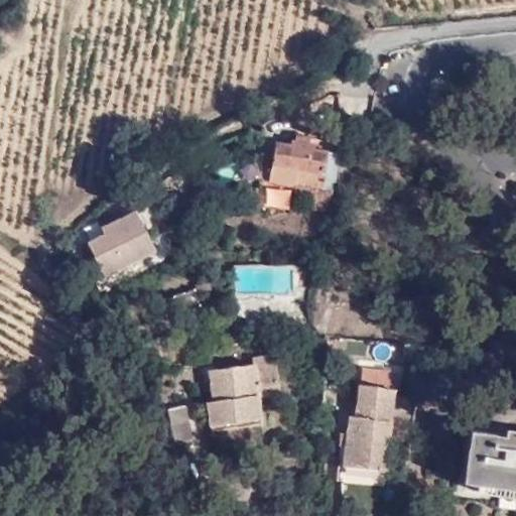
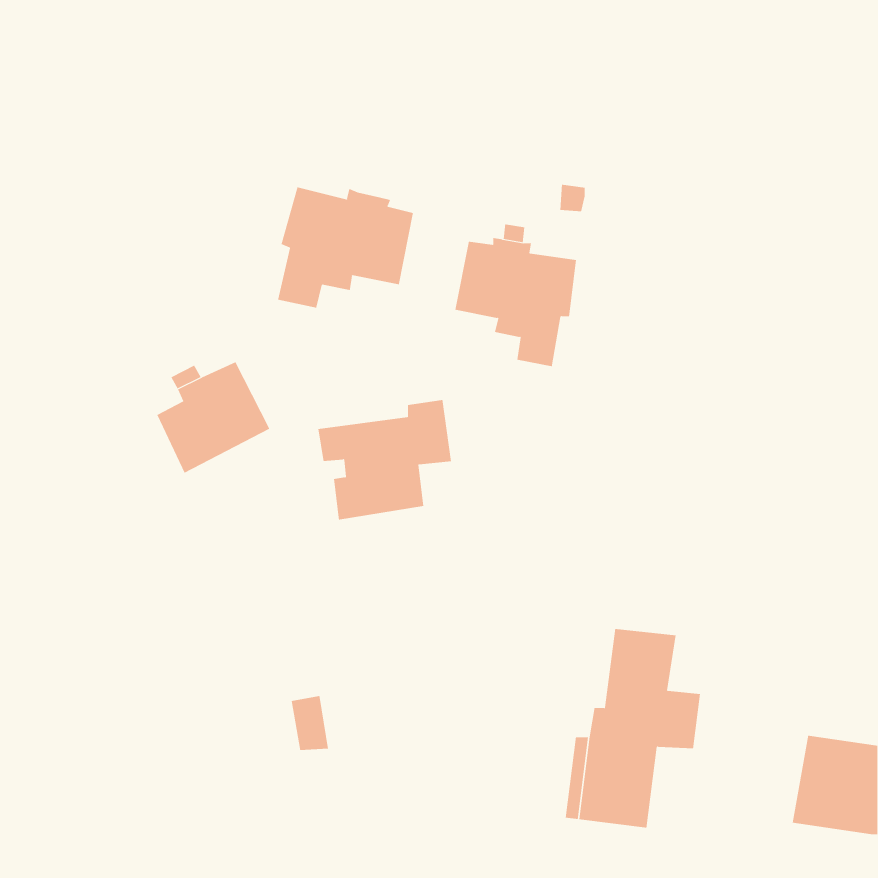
building: none -> [278,186,414,308]
building: [200,354,278,424] -> [318,400,452,520]

